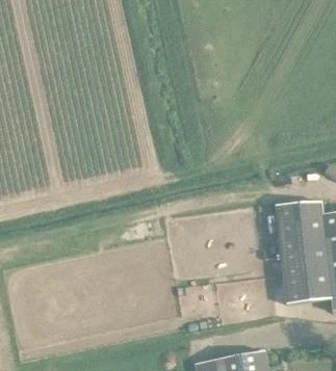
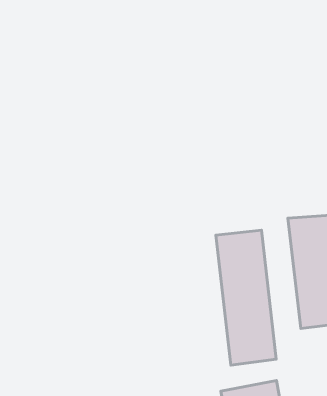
building: none -> [216,230,276,365]

